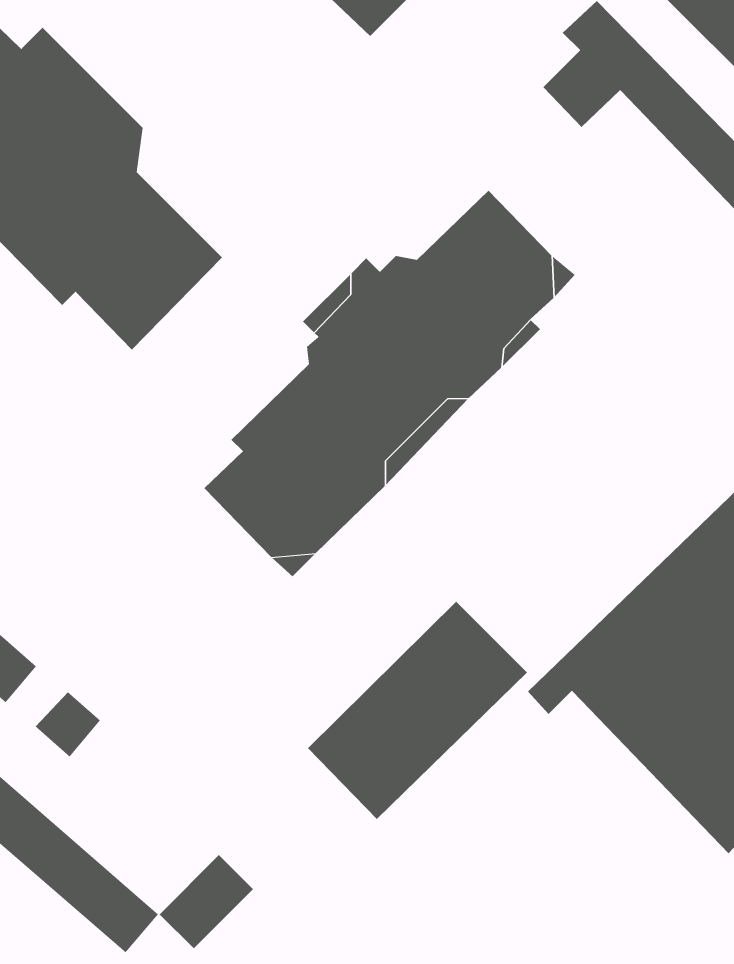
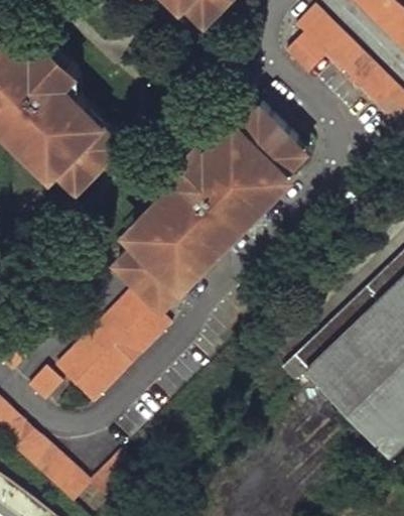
building: [307,601,528,820] -> [53,289,168,403]

